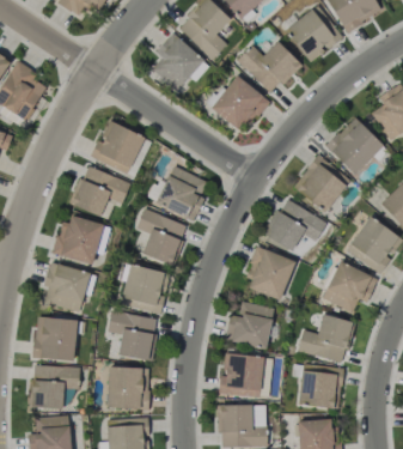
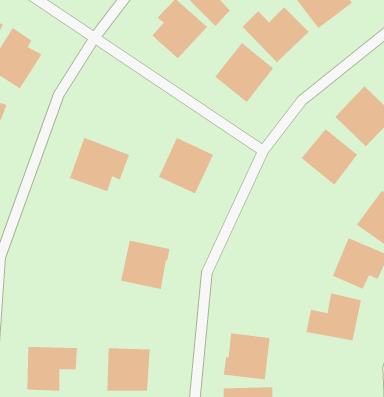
building: [92,120,145,174] -> none
building: [263,201,326,249] -> none
building: [136,208,187,266] -> none
building: [54,213,103,263] -> none
building: [244,247,295,299] -> none
building: [44,262,90,311] -> none
building: [225,301,275,347] -> none
building: [108,310,155,360] -> none
building: [33,317,77,360] -> none
building: [299,364,343,407] -> none

